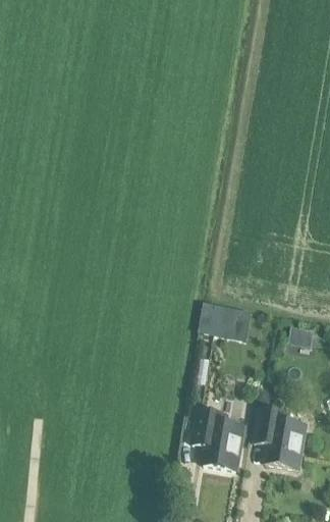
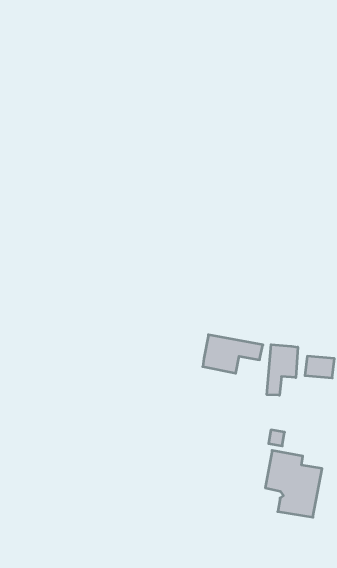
building: none -> [267,345,298,395]
building: [191,409,242,469] -> none

